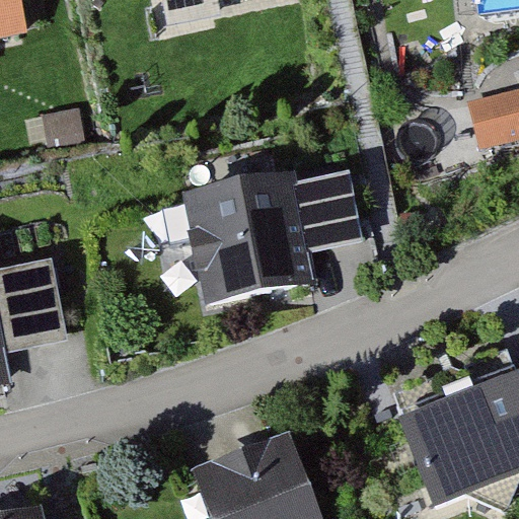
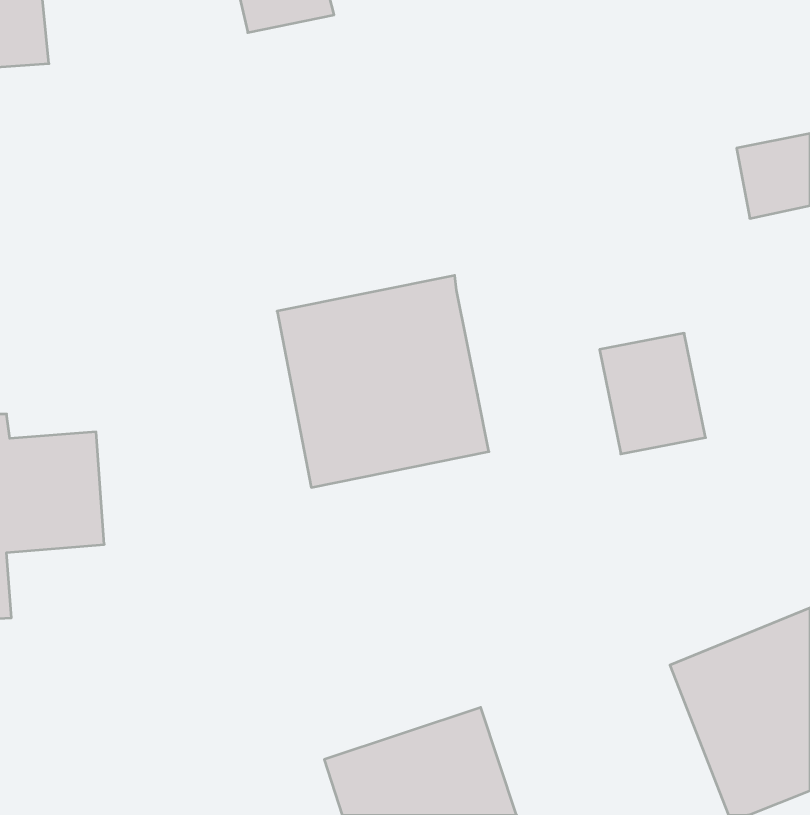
building: [284,170,350,245] -> [600,333,706,454]

